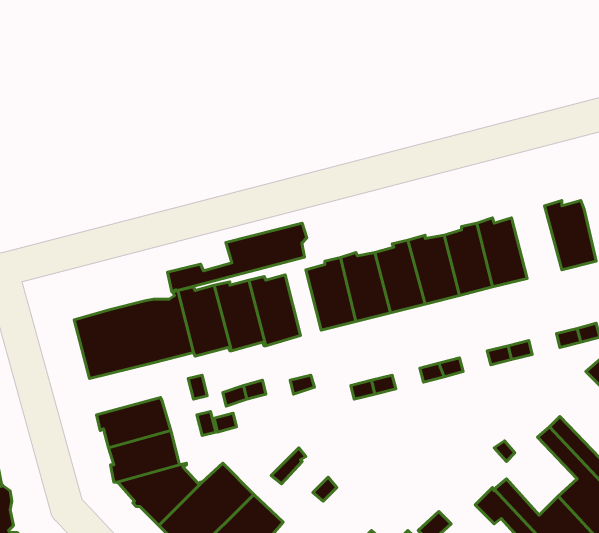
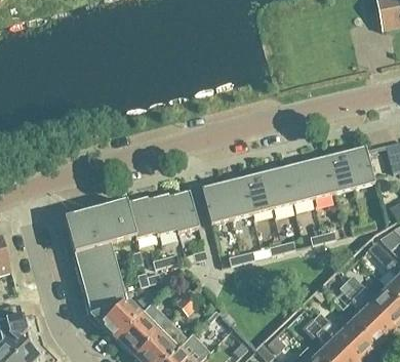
building: none -> [323,149,353,192]
building: [168,223,307,292] -> none
building: none -> [73,242,115,273]

